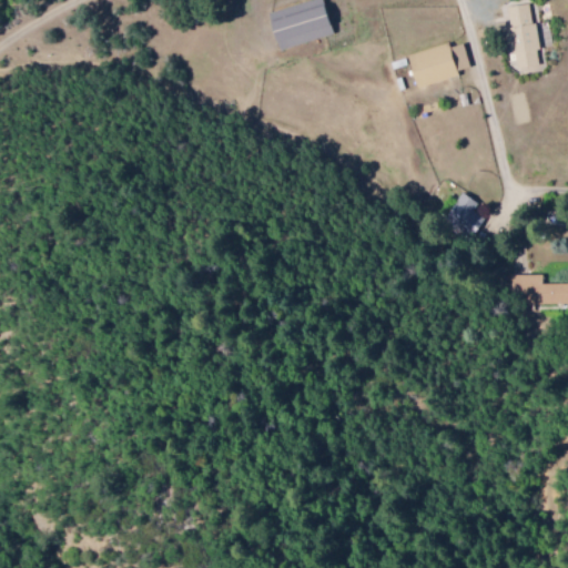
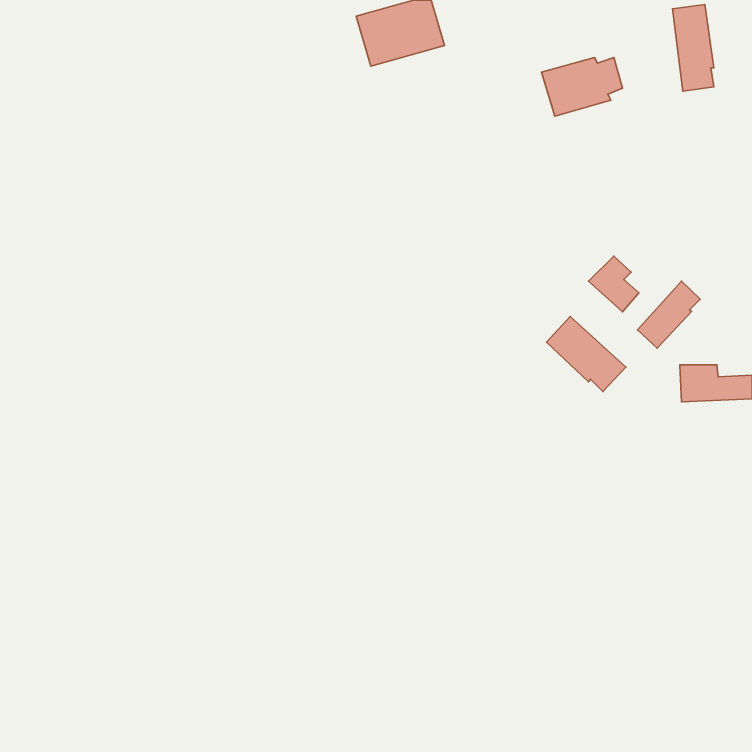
building: none -> [637,281,700,348]
building: none -> [547,317,626,391]

